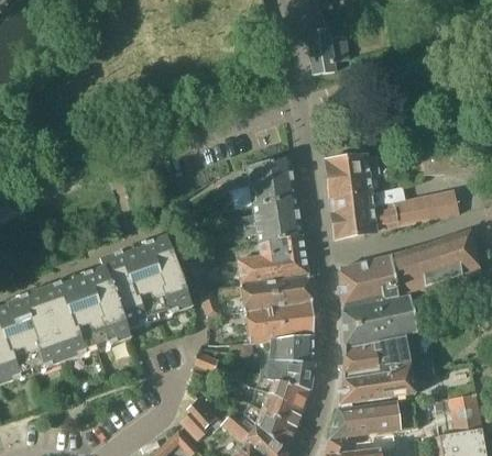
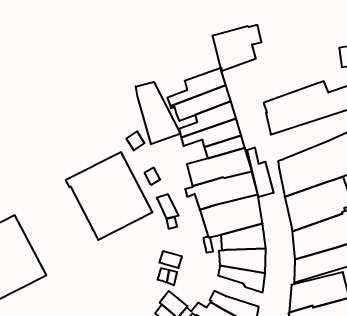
building: [327,155,381,201] -> [212,25,262,71]
building: none -> [136,82,180,144]
building: none -> [247,147,274,197]
building: [39,266,131,362] -> none
building: [250,387,304,427] -> none

